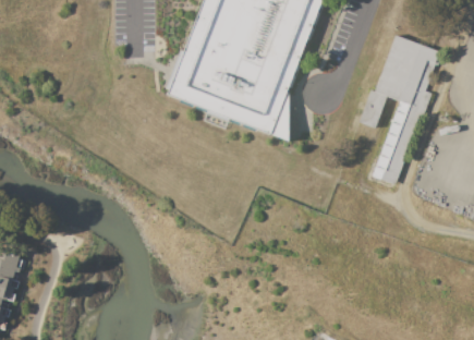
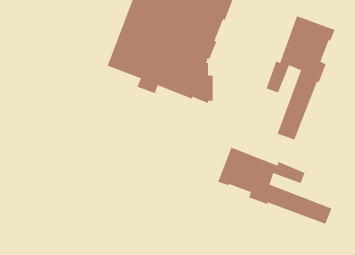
building: none -> [218,147,332,224]

